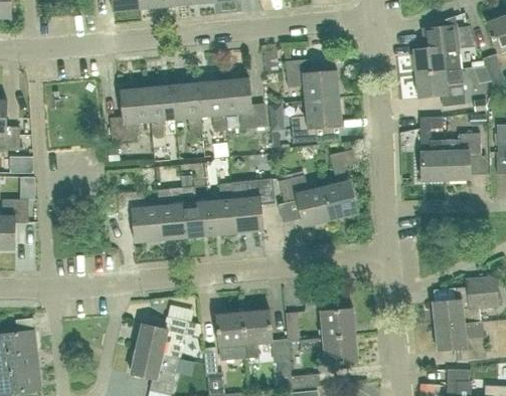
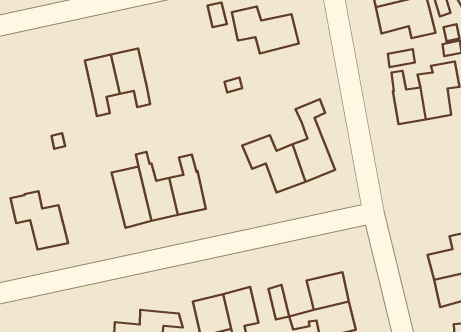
building: [196,77,267,132] -> none
building: [110,85,150,140] -> none
building: [291,96,343,142] -> none
building: [234,179,274,233] -> none
building: [117,190,163,242] -> [10,191,68,250]

